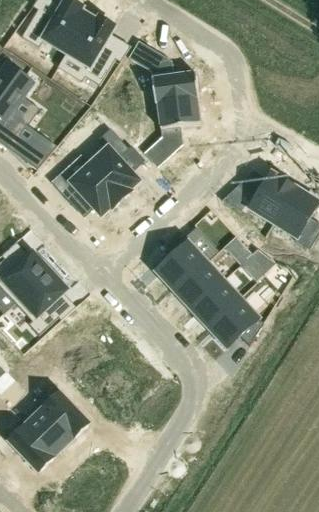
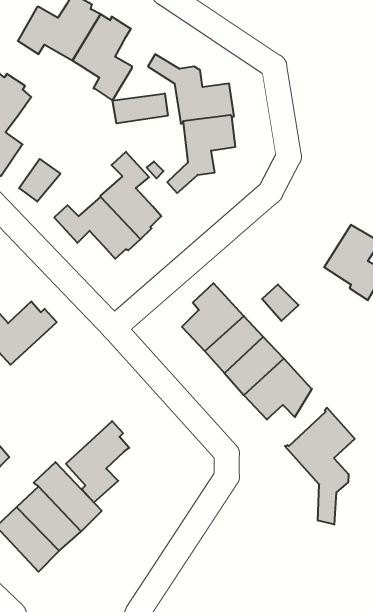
building: none -> [113,93,168,123]
building: [221,171,296,221] -> none
building: [238,247,276,282] -> none
building: [15,266,67,333] -> [66,421,129,503]
building: none -> [285,408,355,525]

